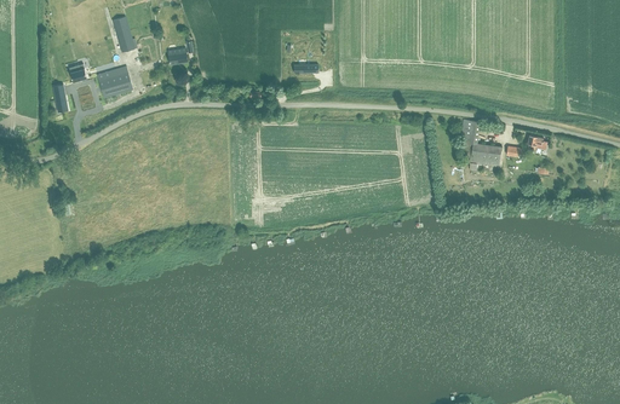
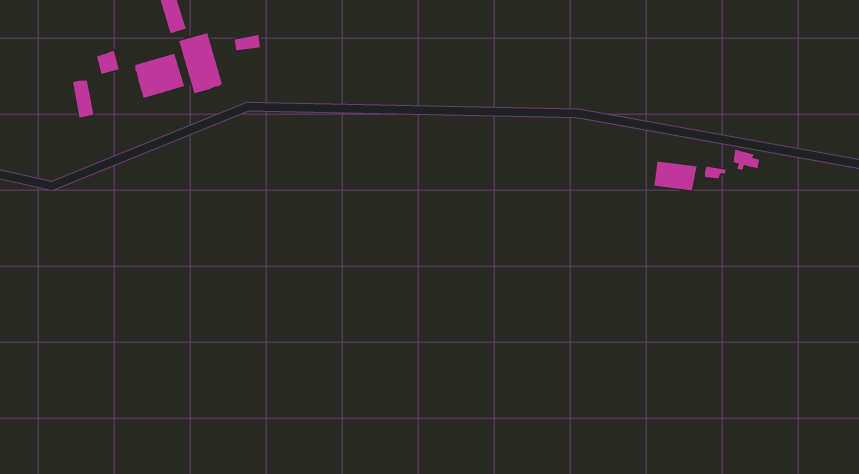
building: none -> [178,32,223,94]

